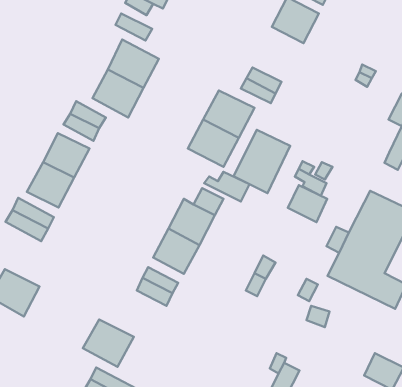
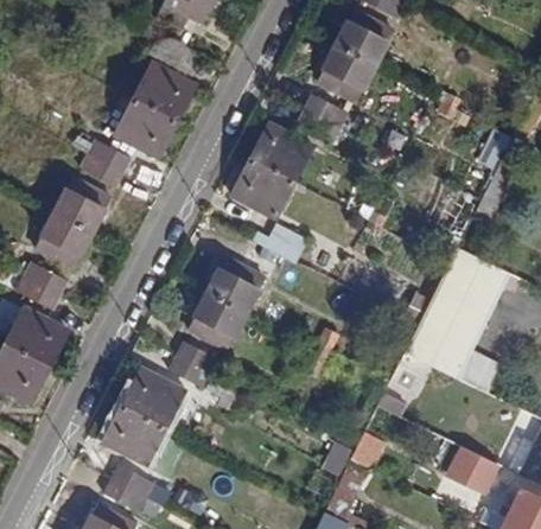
building: none -> [316,46,374,102]
building: [234,130,290,193] -> none
building: [288,185,327,222] -> none
building: none -> [6,308,66,365]
building: none -> [122,369,185,427]

